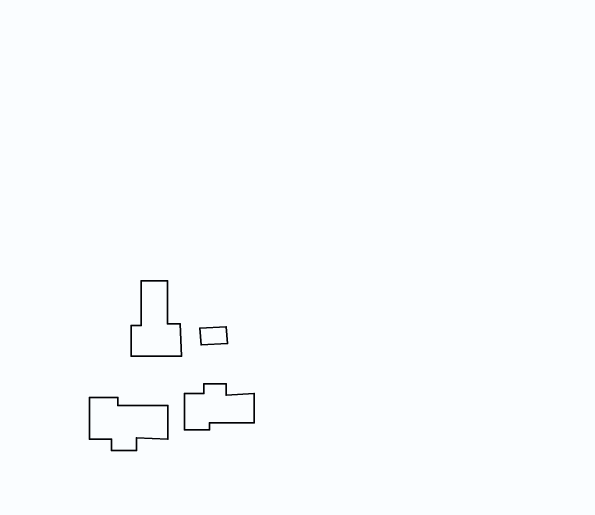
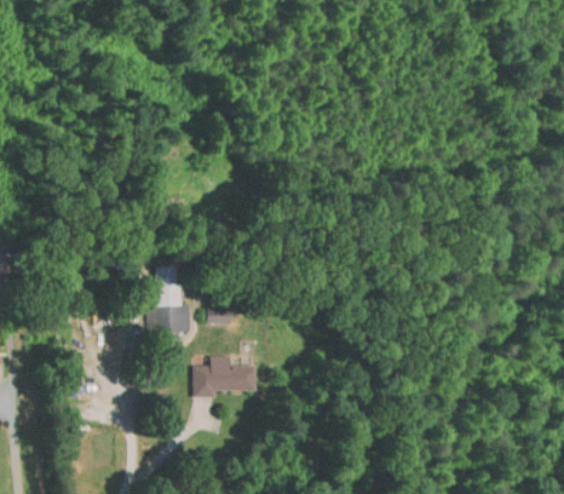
building: [90,398,168,451] -> none

